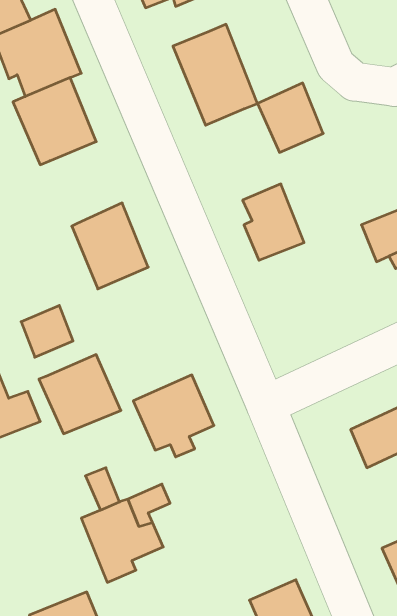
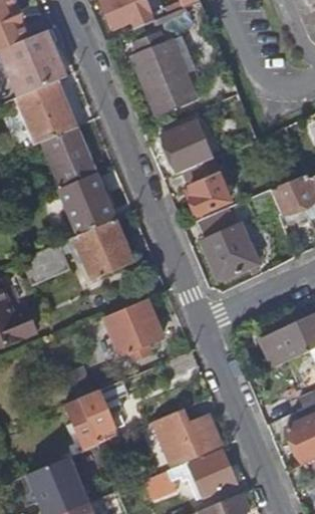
building: [258,83,323,152] -> [162,120,210,172]
building: none -> [42,126,95,187]
building: none -> [198,204,259,278]
building: [39,355,121,434] -> [72,219,132,277]
building: none -> [140,410,220,466]

